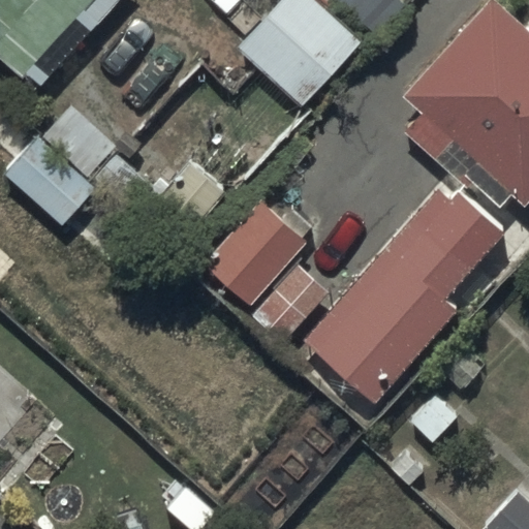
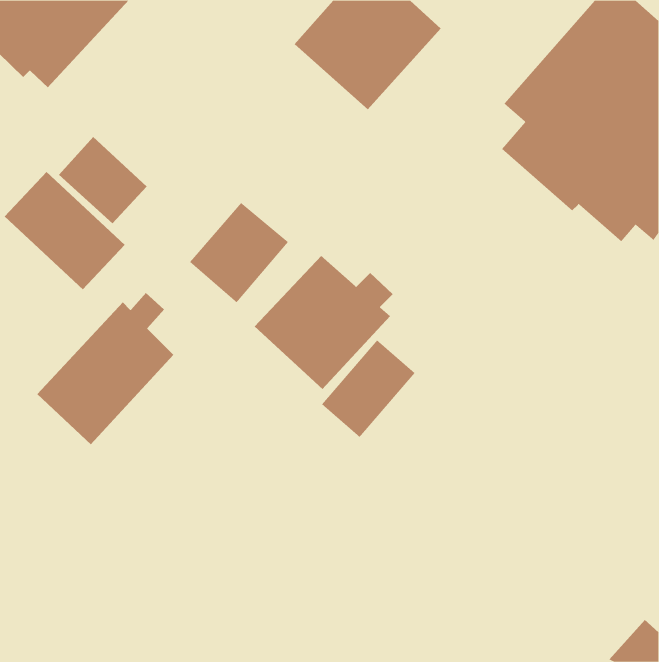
building: [308,197,510,410] -> none
building: none -> [36,292,174,445]

